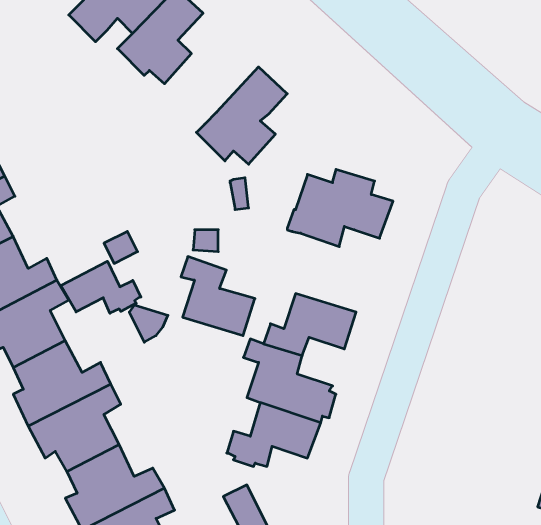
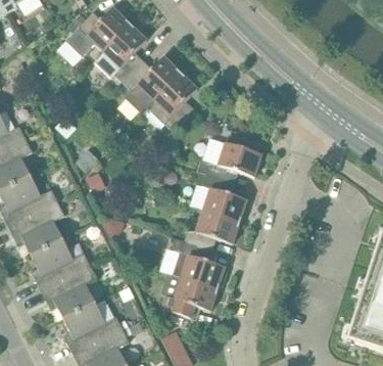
building: none -> [123,55,180,113]
building: [181,257,255,336] -> [201,173,246,221]
building: [61,261,141,313] -> none

